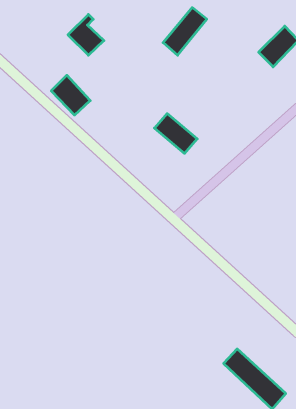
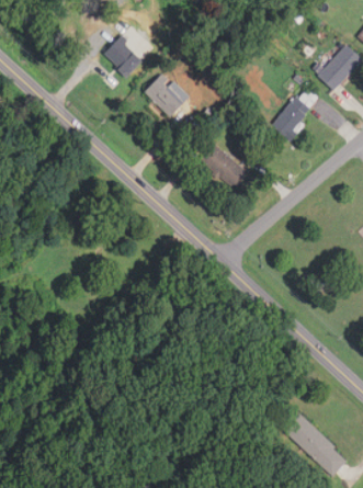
building: [163,8,207,55] -> [271,87,320,140]
building: [51,75,90,115] -> [144,72,188,117]

